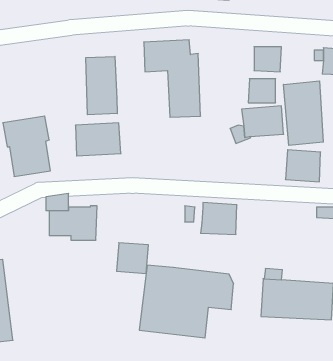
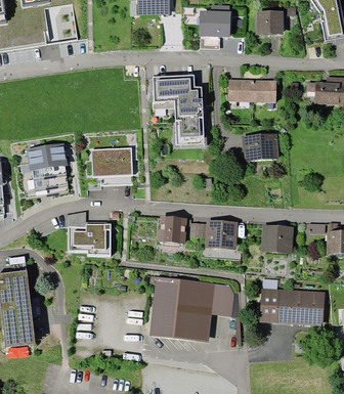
building: [86,56,117,115] -> none
building: [248,79,276,103] -> [227,80,252,101]
building: [284,81,323,145] -> none
building: [285,150,321,182] -> [260,225,292,254]
building: [117,243,148,273] -> [158,216,186,244]

